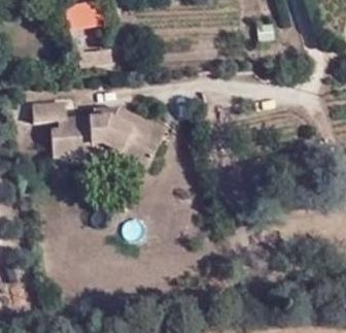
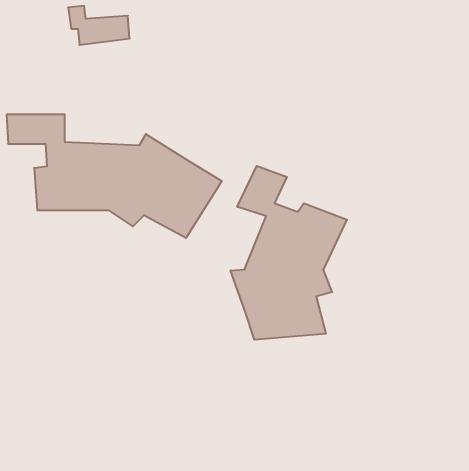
building: none -> [231,166,347,340]

